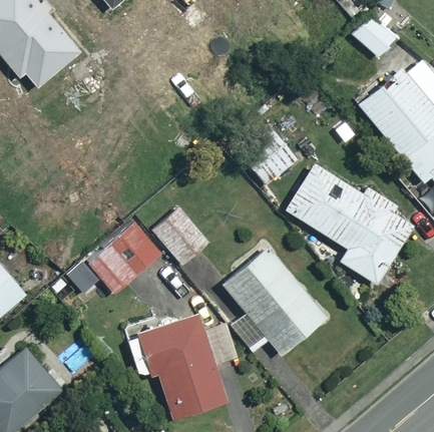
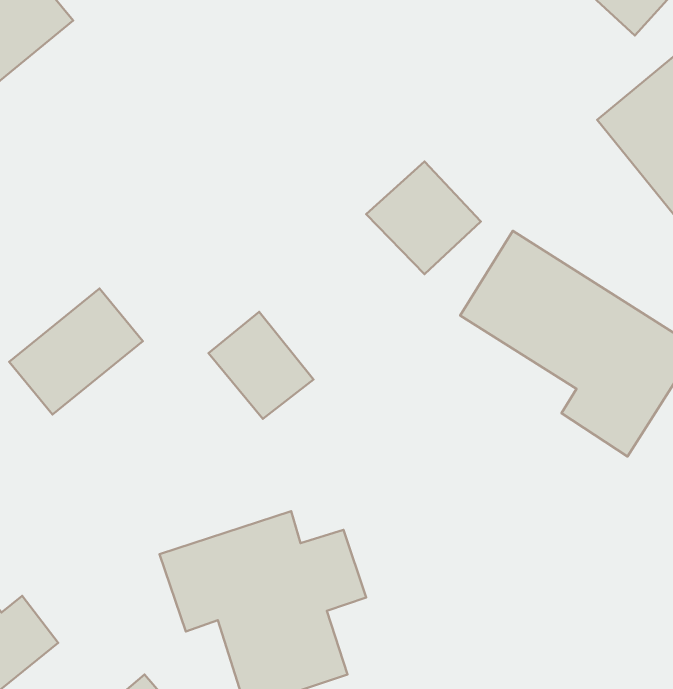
building: [90,226,161,293] -> [9,288,143,414]
building: [222,246,325,354] -> none

